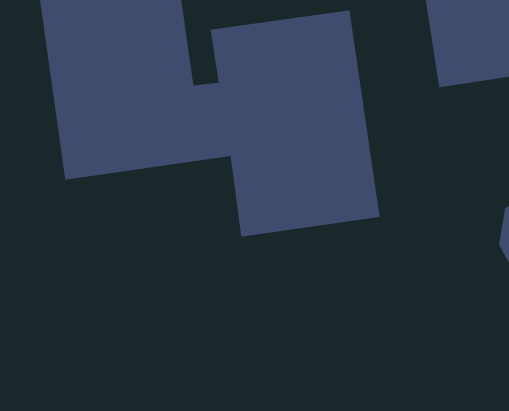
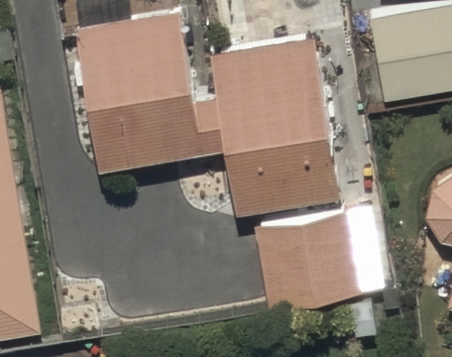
building: none -> [252,211,358,305]

